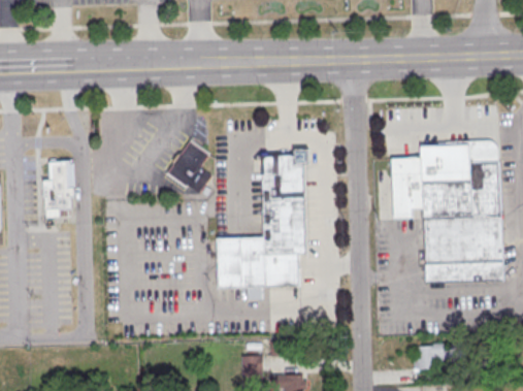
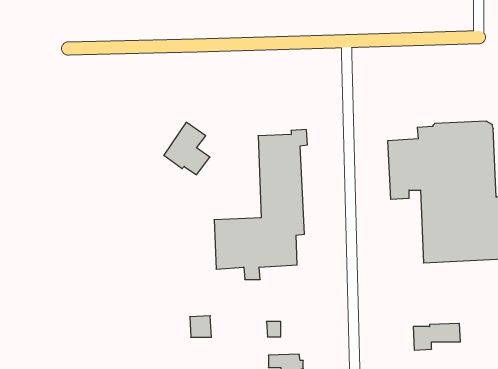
building: [43,157,74,217] -> none
building: [241,355,263,377] -> [190,316,211,337]

